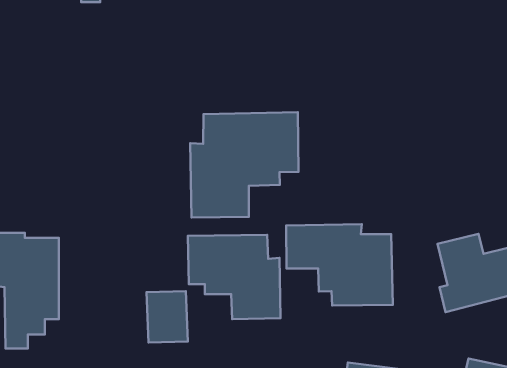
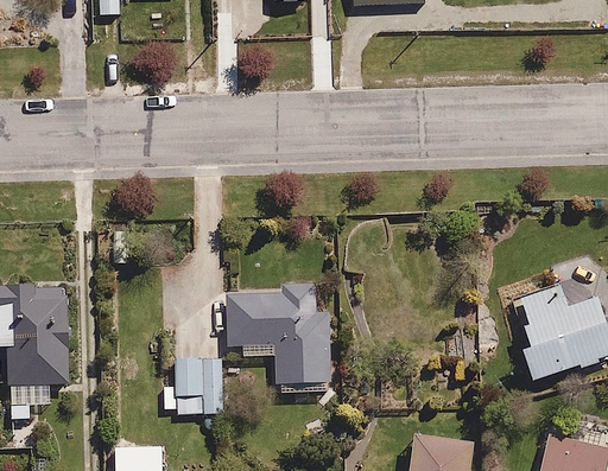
building: [190,112,299,217] -> none
building: [286,224,393,306] -> none

